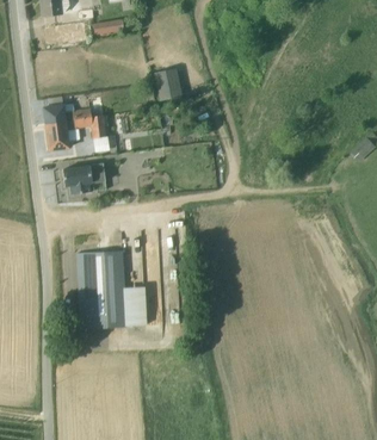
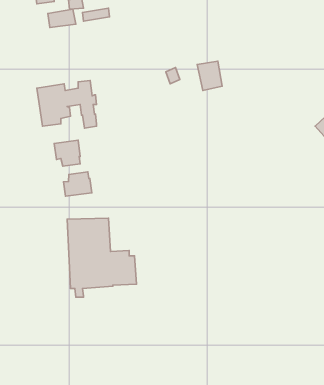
building: [155,68,183,100] -> [197,61,222,91]
building: none -> [63,172,92,196]

